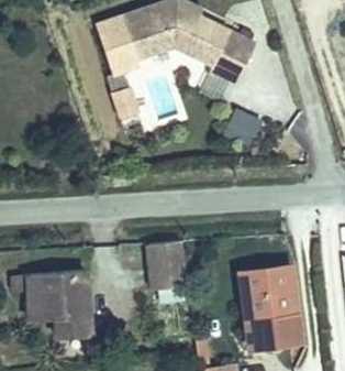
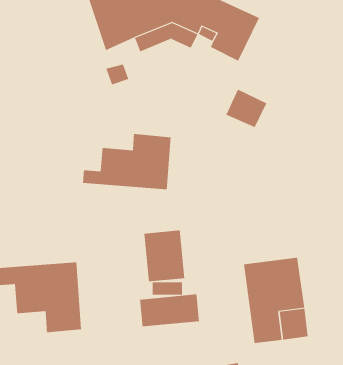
building: none -> [83,133,171,190]
building: none -> [140,294,199,327]

